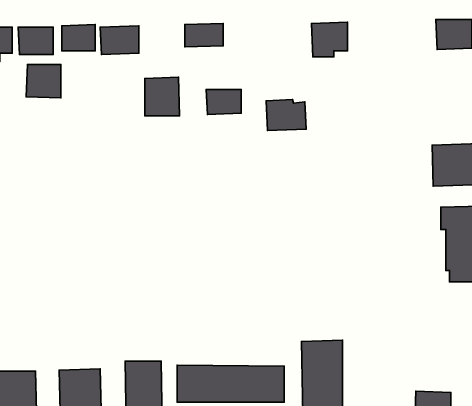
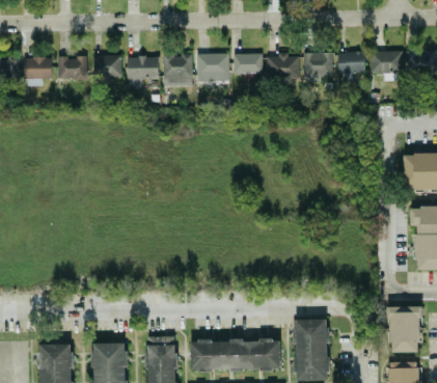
building: none -> [370,51,402,74]
building: none -> [337,52,364,83]
building: [26,65,61,98] -> none
building: [145,77,180,116] -> [163,54,192,86]
building: [206,90,241,114] -> [233,54,262,75]
building: [266,99,306,131] -> [266,54,299,80]
building: none -> [388,307,420,353]

